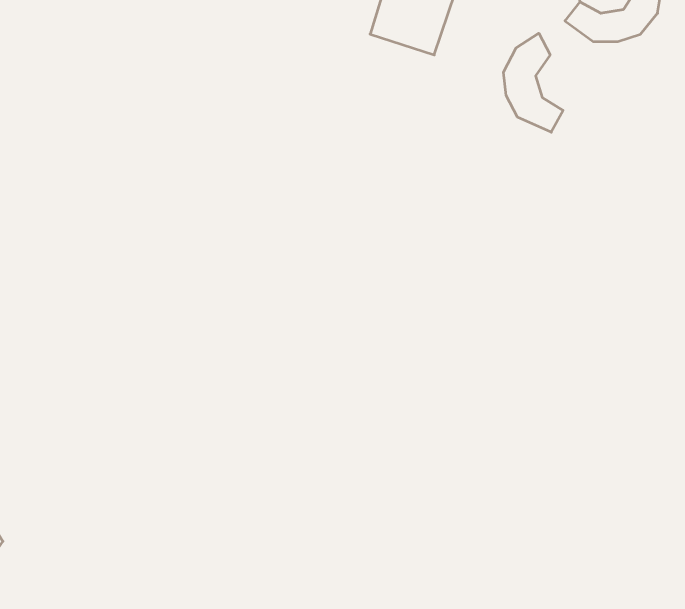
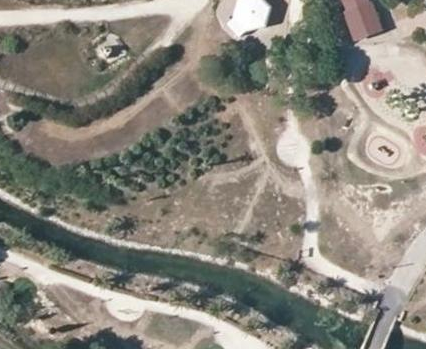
building: [503,33,563,132] -> none

